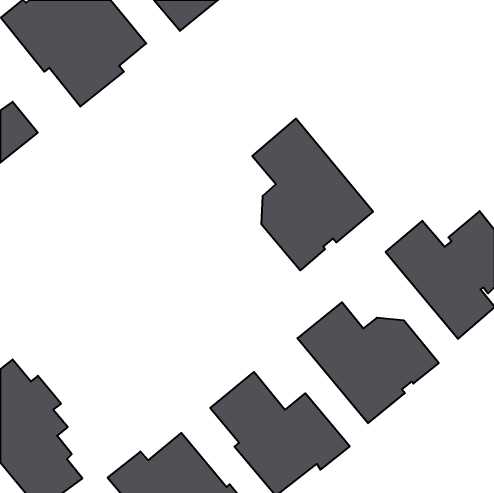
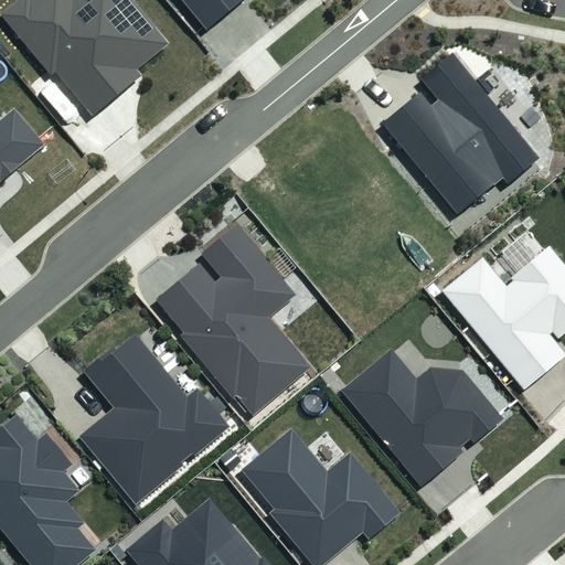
building: none -> [383,63,541,224]
building: [252,119,373,270] -> none
building: none -> [156,222,309,413]
building: none -> [77,330,230,502]

